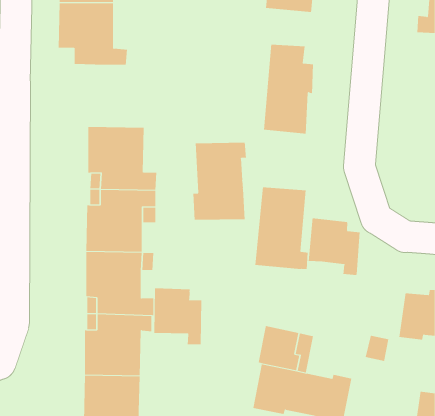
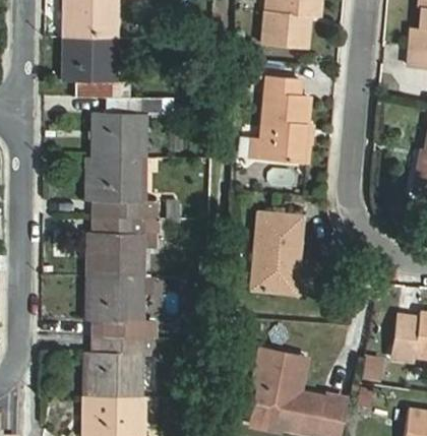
building: none -> [92,97,173,157]
building: [193,142,246,220] -> none
building: [308,218,360,276] -> none
building: [154,287,202,345] -> none

